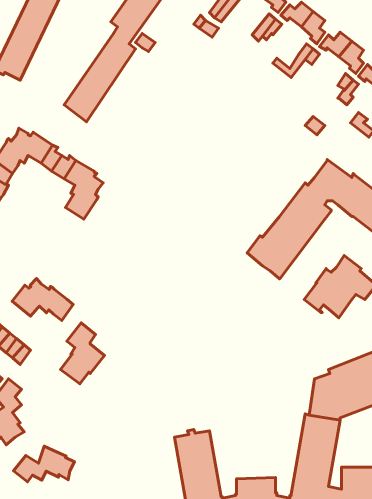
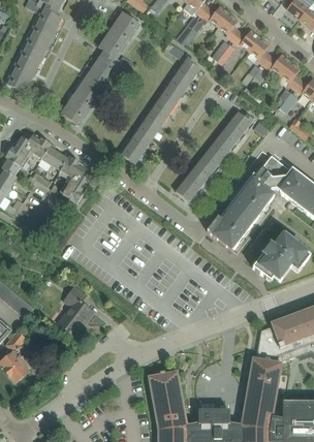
building: none -> [119,54,199,163]
building: none -> [176,110,255,202]
building: [12,278,73,321] -> none
building: [14,446,74,482] -> none

